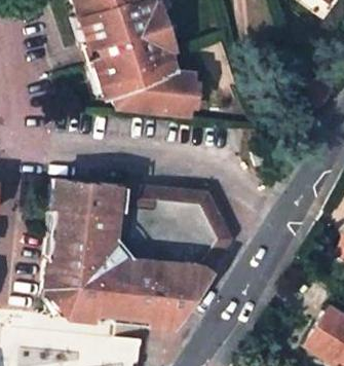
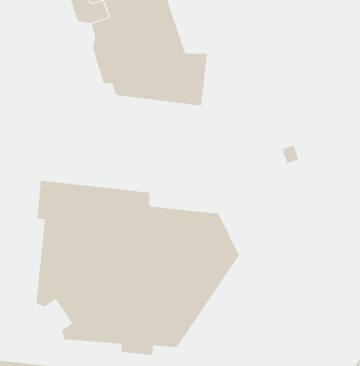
building: [146,188,234,327] -> none
building: [43,210,121,321] -> none

